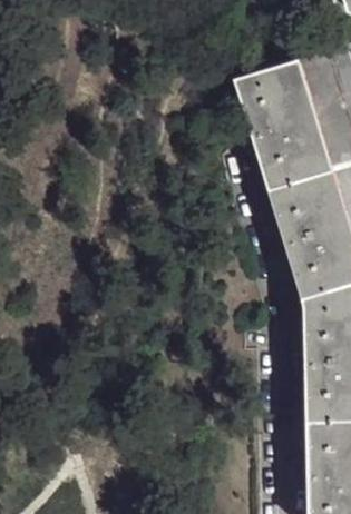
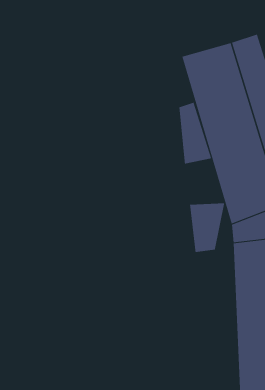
building: none -> [179,102,212,164]
building: none -> [190,202,225,253]

